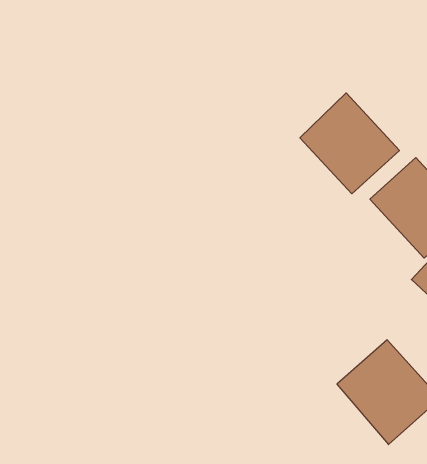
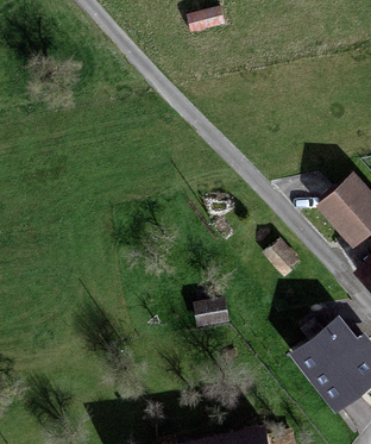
building: [300,93,399,194] -> none

